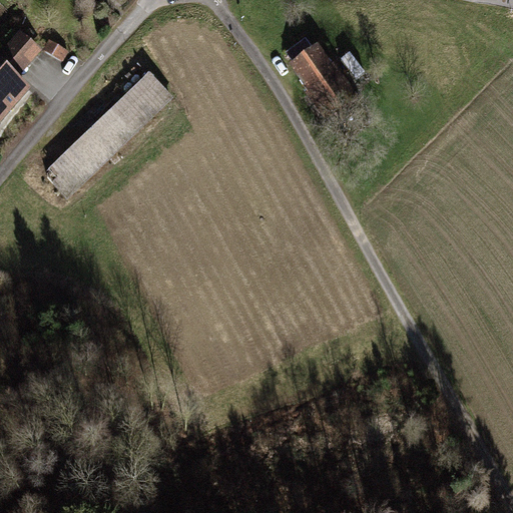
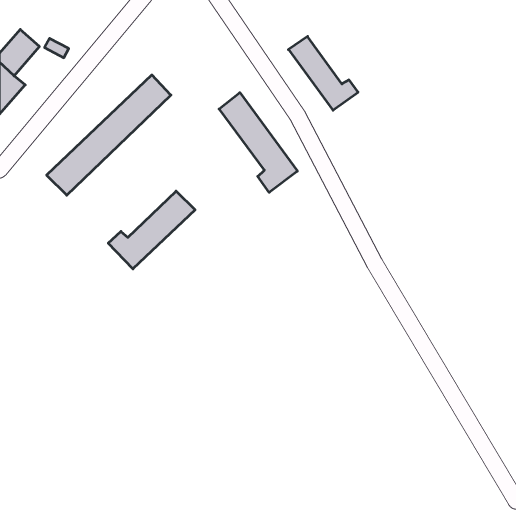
building: none -> [219,93,297,192]
building: none -> [108,191,195,269]

